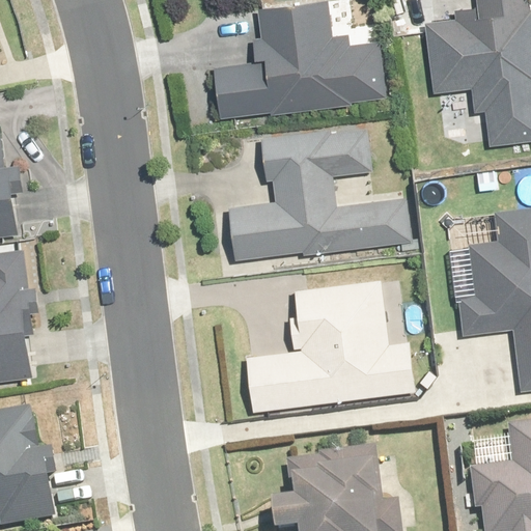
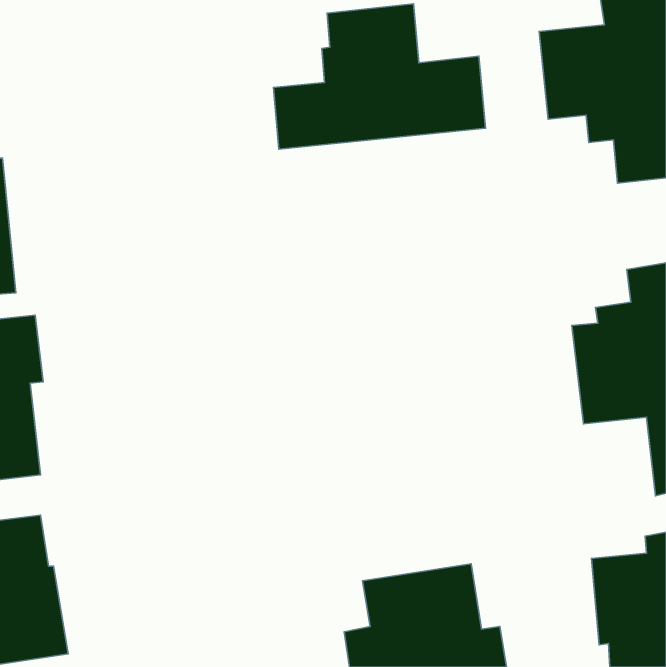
building: [230,129,412,261] -> none
building: [248,280,417,411] -> none

